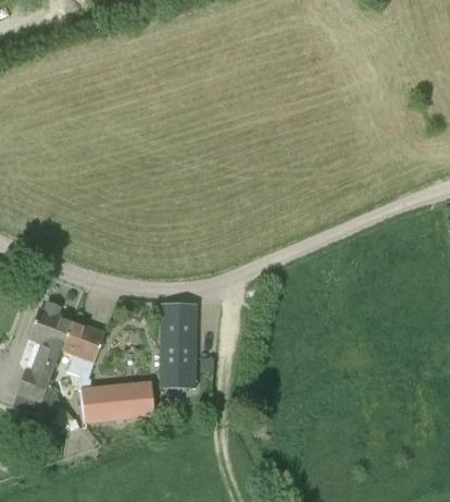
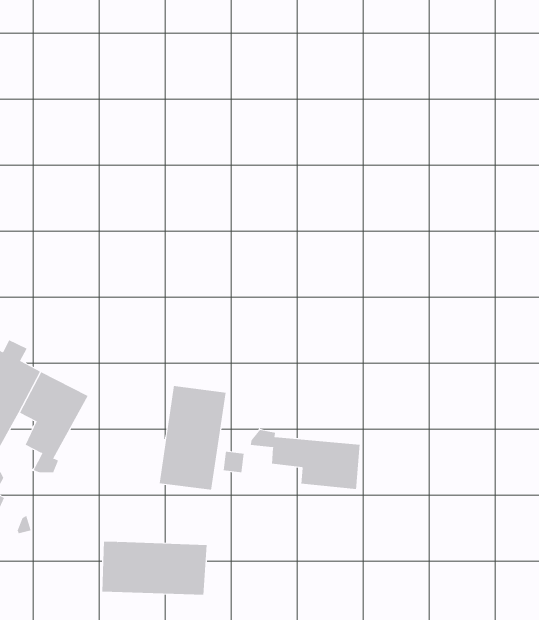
building: none -> [250,429,360,490]
building: [79,381,151,421] -> [101,541,207,595]

